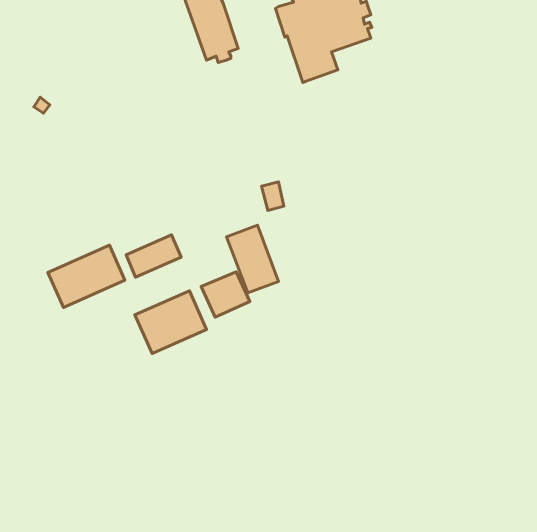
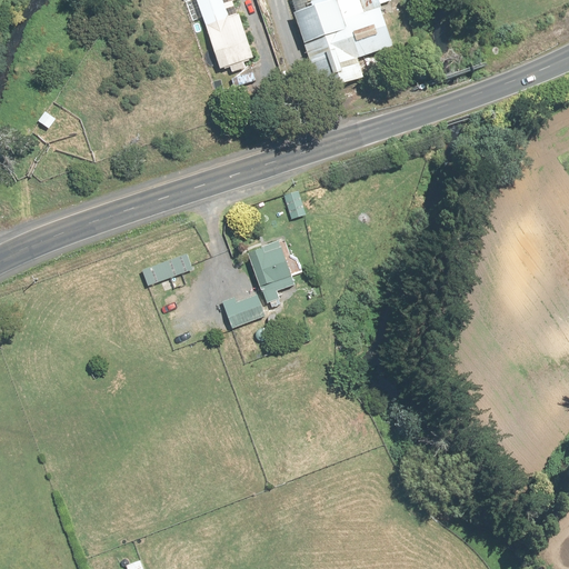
building: [48,245,125,307] -> none
building: [135,291,207,354] -> none

